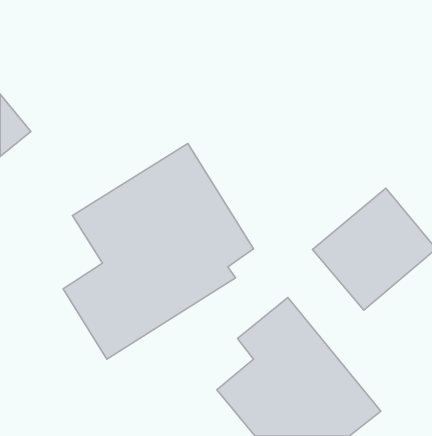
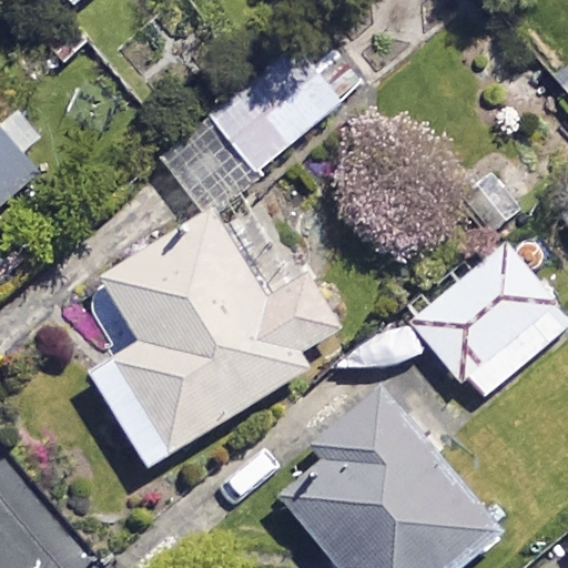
building: none -> [207,51,335,174]

